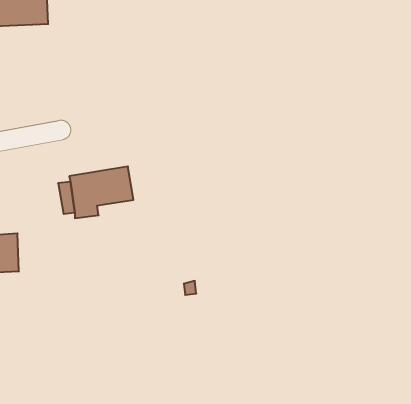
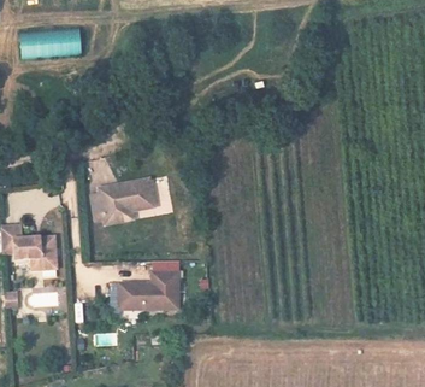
building: none -> [118,271,178,309]

